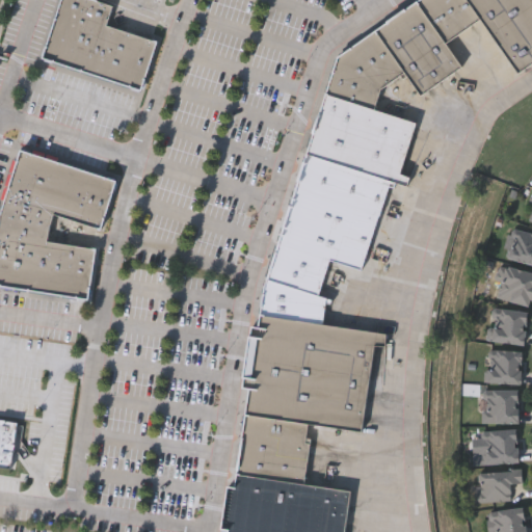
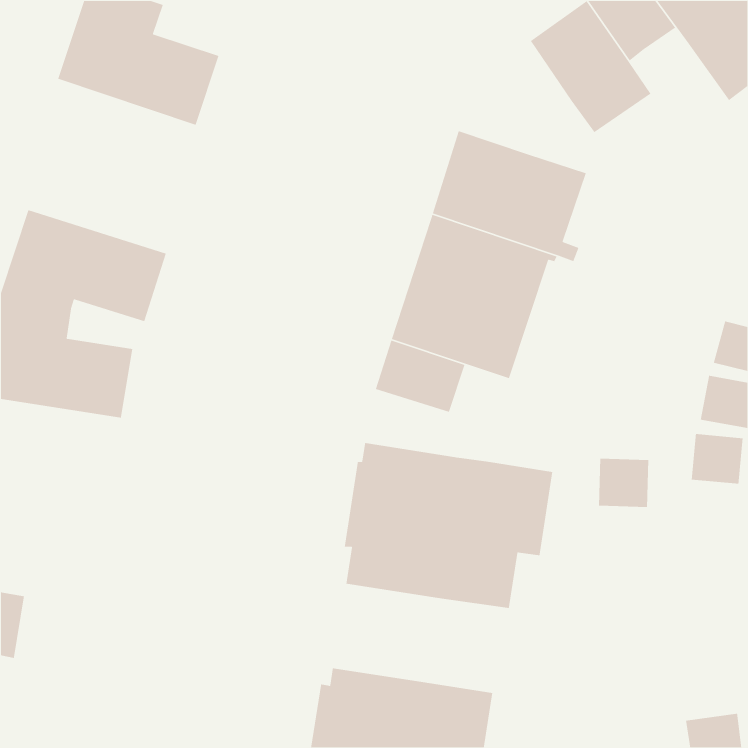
building: [325,29,405,109] -> none
building: [259,276,328,324] -> none
building: [486,348,523,383] -> [598,458,649,508]
building: [483,389,518,423] -> none
building: [236,415,312,484] -> none
building: [484,429,518,463] -> none
building: [480,468,523,502] -> none

